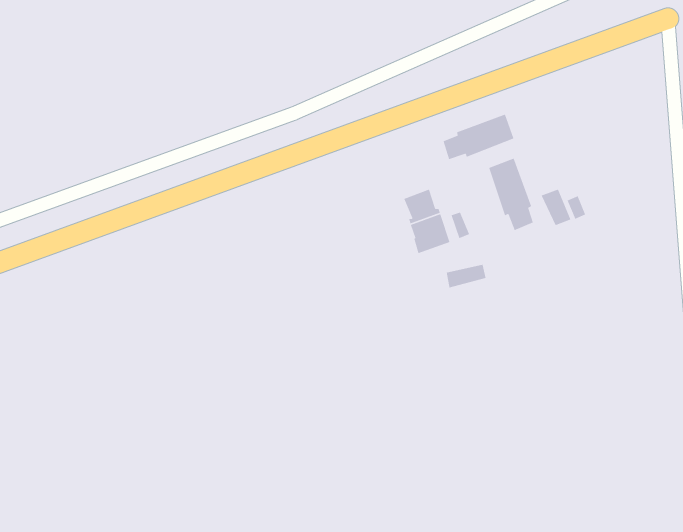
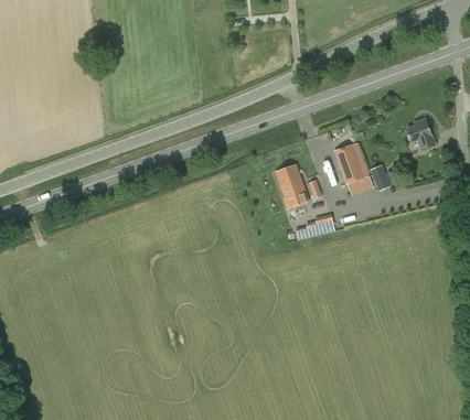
building: [442,114,515,160] -> none
building: none -> [406,118,434,148]

